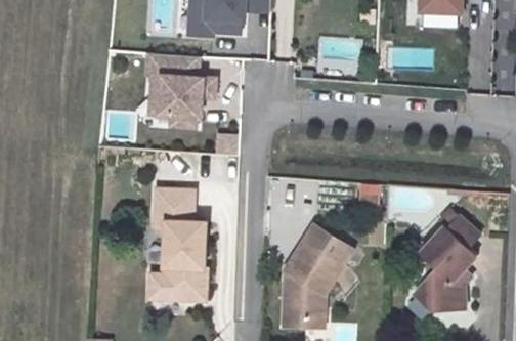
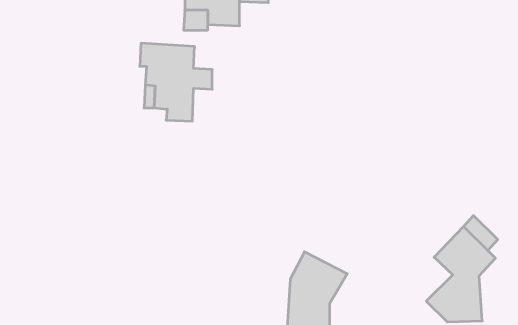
building: [154,190,209,305] -> none
building: [300,228,350,268] -> none

